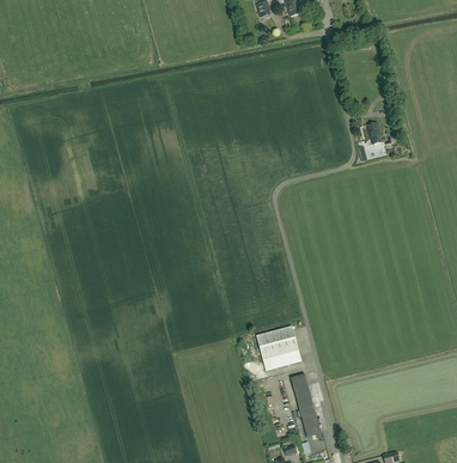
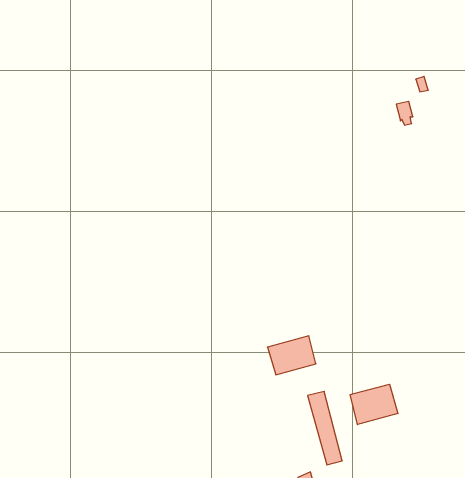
building: none -> [350,384,398,425]

